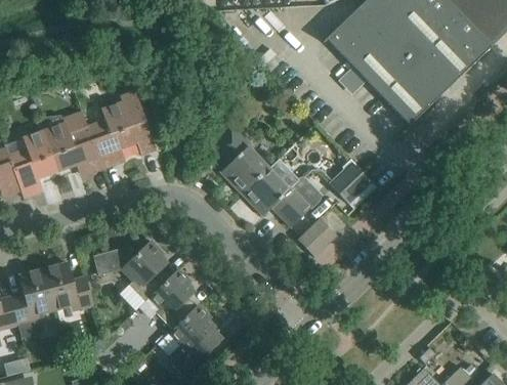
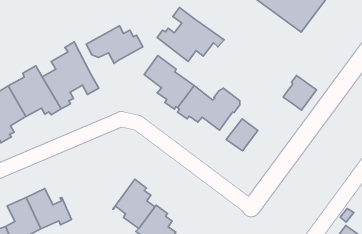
building: none -> [157,7,224,62]
building: none -> [86,26,143,63]
building: [330,161,372,204] -> [283,75,317,110]
building: [94,241,169,301] -> none

